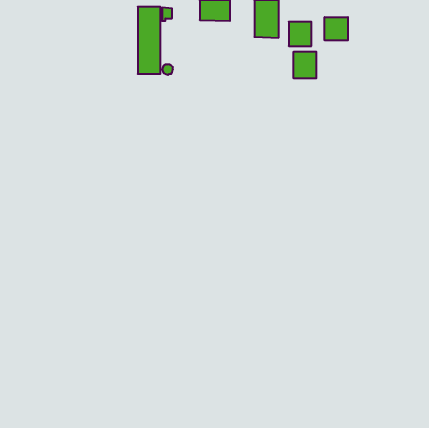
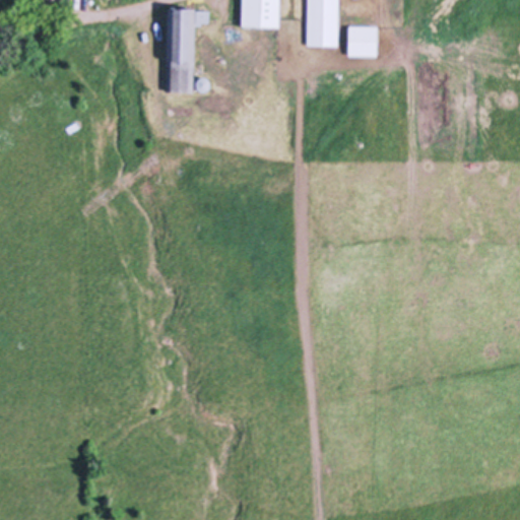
building: [325,17,348,40] -> none
building: [294,52,316,78] -> none

